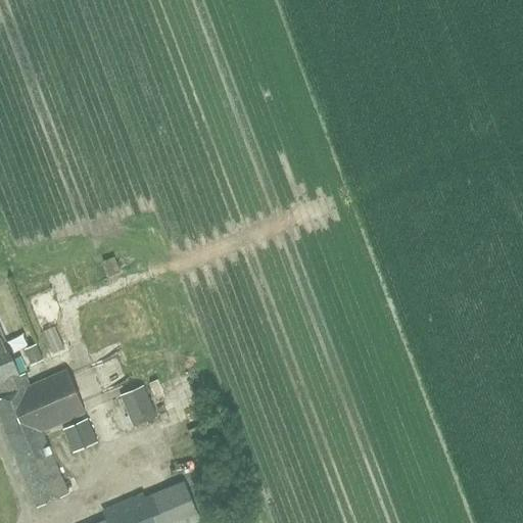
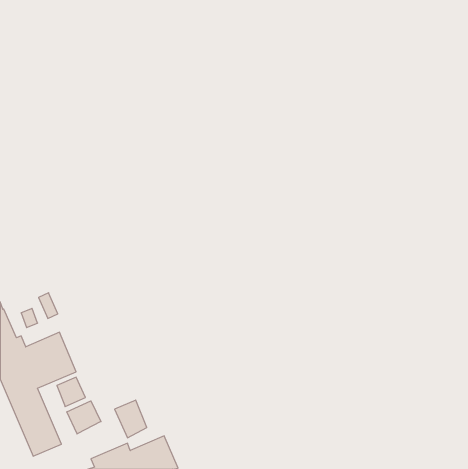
building: [120,387,155,429] -> [115,400,147,438]
building: none -> [67,401,101,434]

